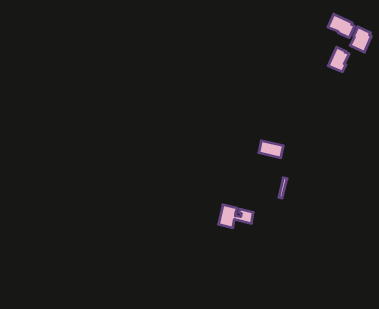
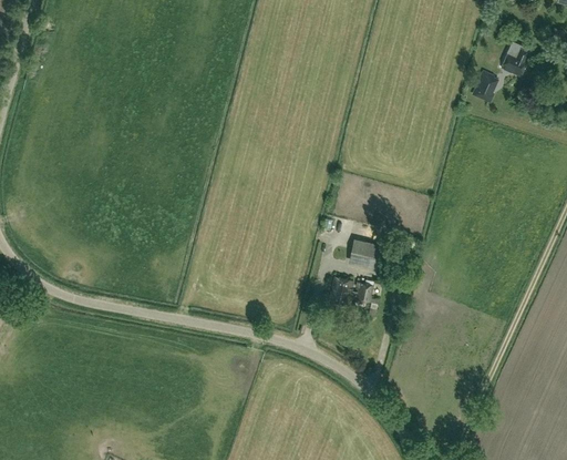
building: [328,14,354,38] -> none
building: [259,141,283,158] -> [350,242,382,264]

